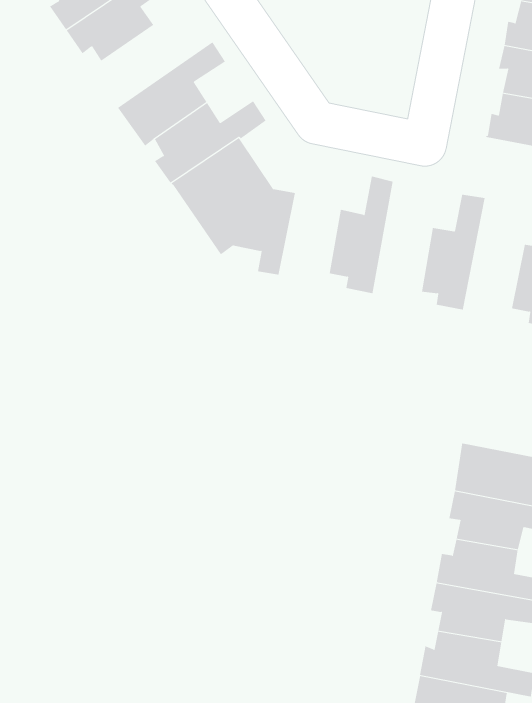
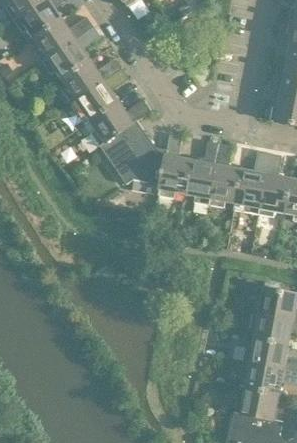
building: none -> [61,57,122,103]
building: none -> [158,133,191,197]
building: none -> [209,143,241,207]
building: none -> [258,152,291,216]

